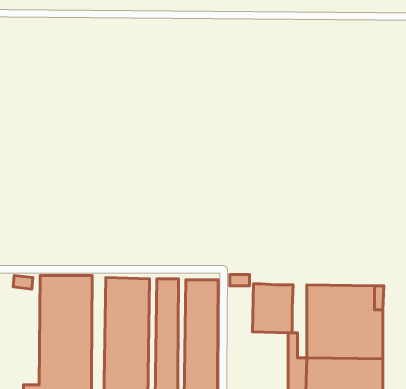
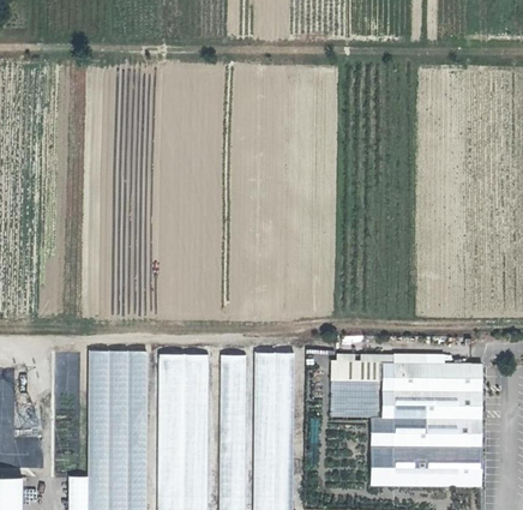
building: none -> [363,354,395,445]

